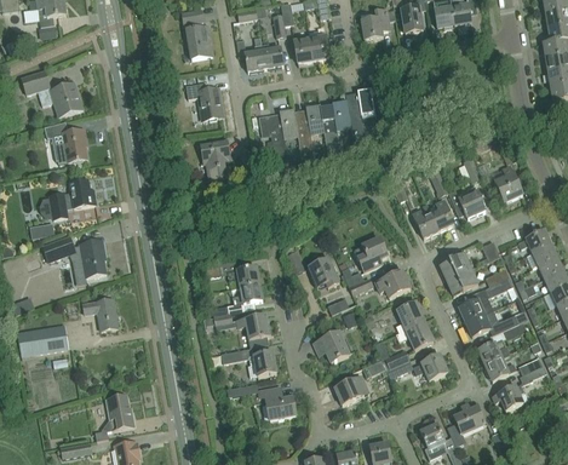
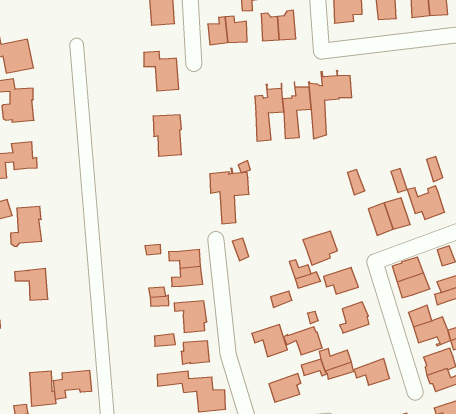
building: [259,109,298,162] -> [210,168,249,224]
building: [309,258,339,287] -> none
building: [396,322,434,350] -> [284,327,322,355]
building: none -> [54,370,91,399]

